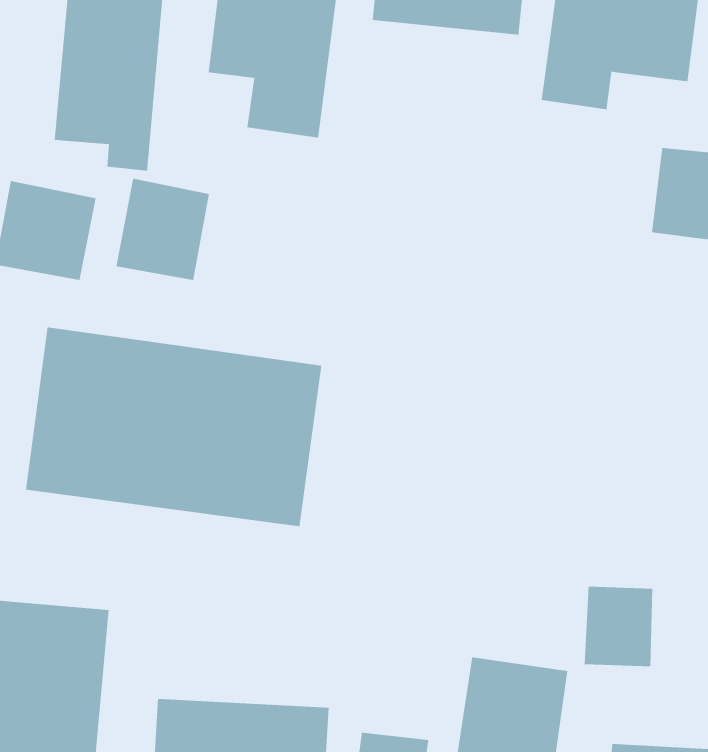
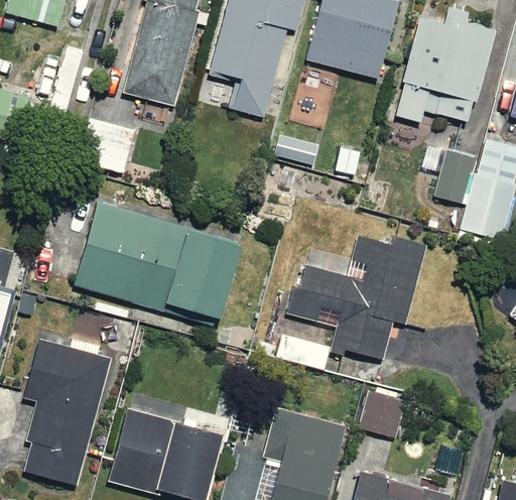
building: [116,178,210,281] -> none
building: none -> [279,232,428,367]

